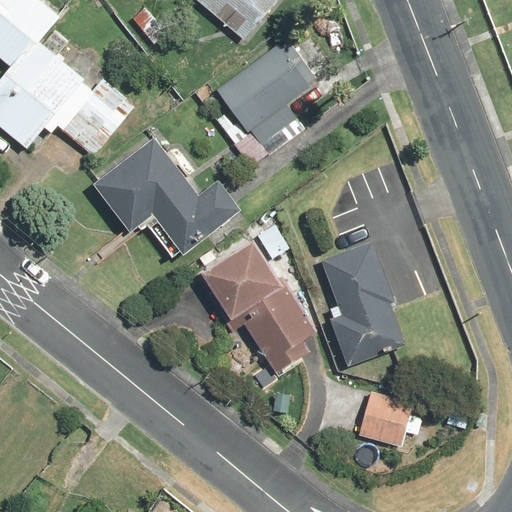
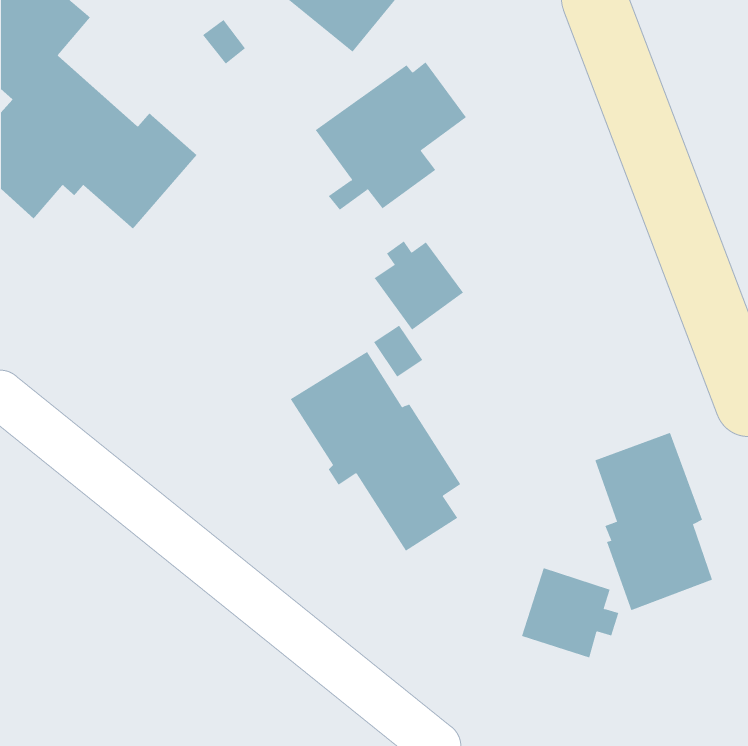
building: [91,138,240,255] -> none
building: none -> [374,241,464,330]
building: [322,244,403,366] -> [594,432,713,611]

